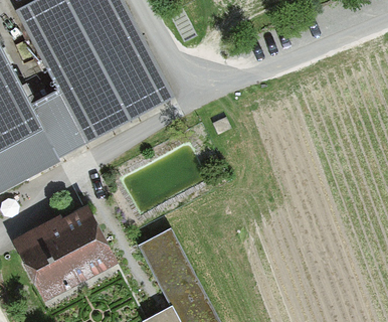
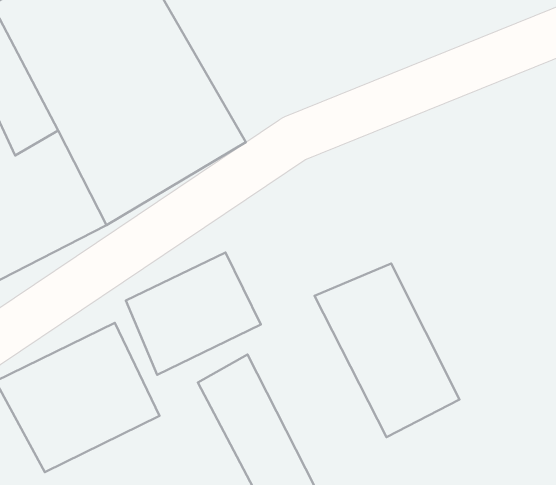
building: none -> [126,253,261,375]
building: none -> [315,263,460,437]

